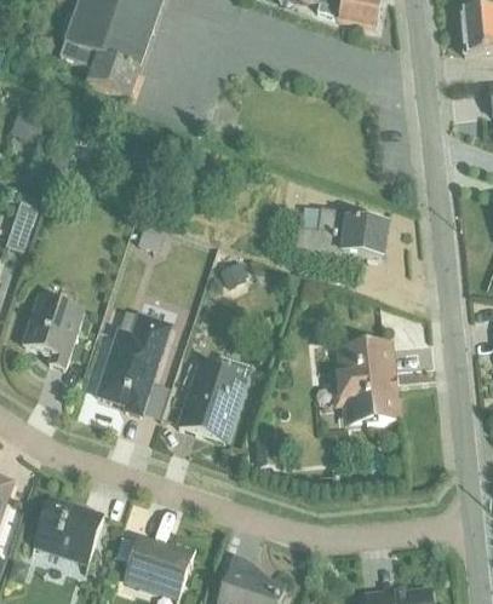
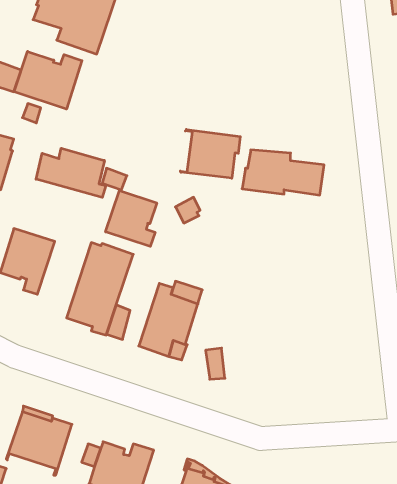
building: none -> [14,51,82,109]
building: none -> [180,129,240,178]
building: none -> [36,148,106,197]
building: none -> [106,190,157,246]
building: [329,340,397,422] -> none

